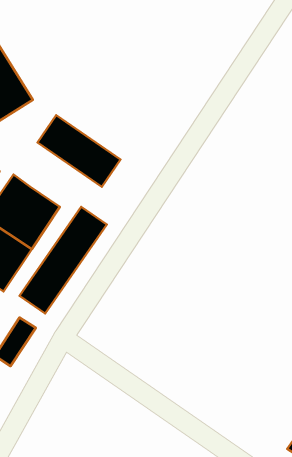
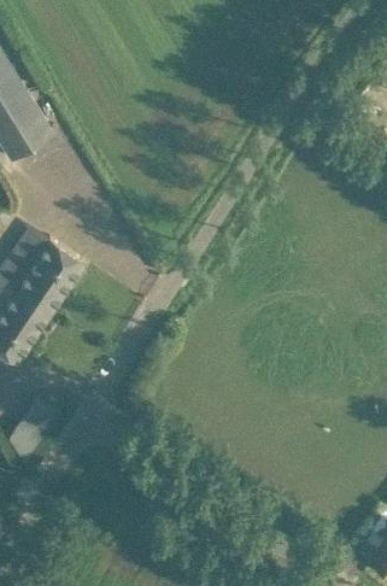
building: [38,115,120,187] -> none
building: [19,207,107,313] -> none

